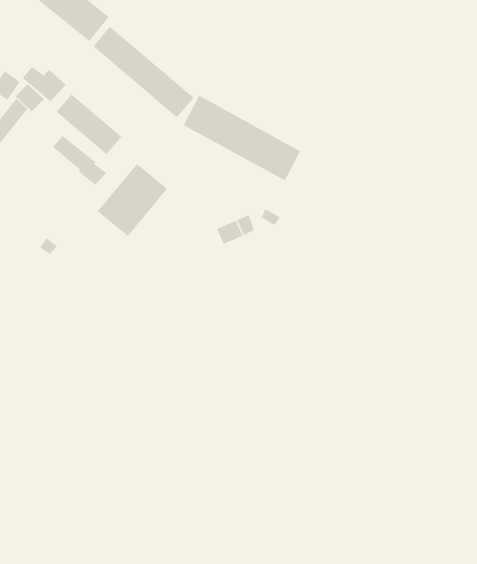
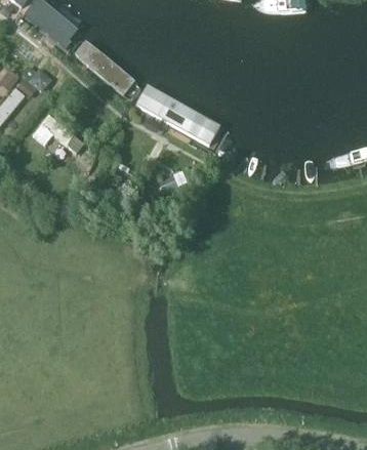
building: [56,93,122,155] -> none
building: [97,163,168,237] -> none

